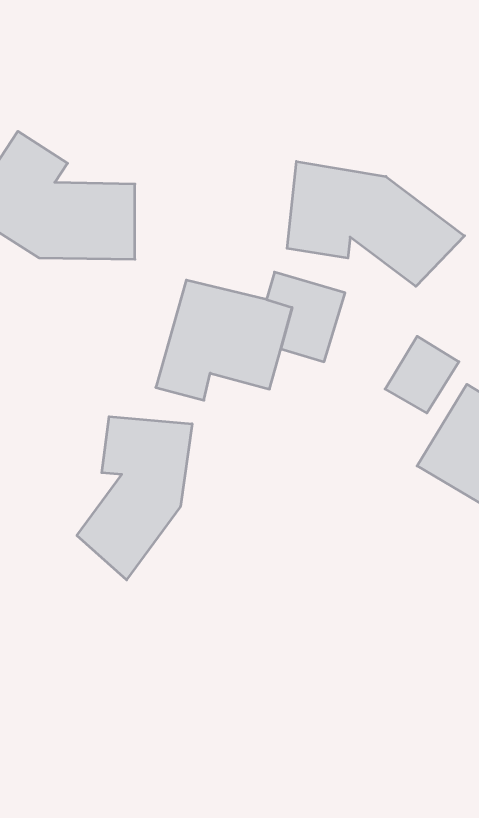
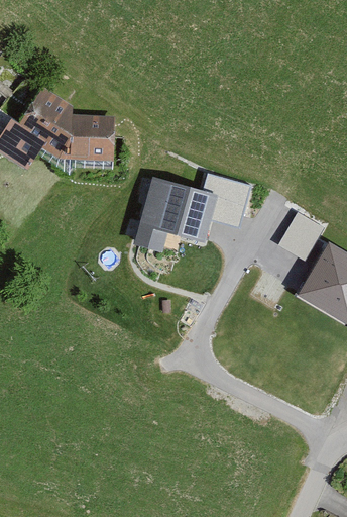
building: [287,161,465,286] -> none
building: [77,417,192,580] -> none

